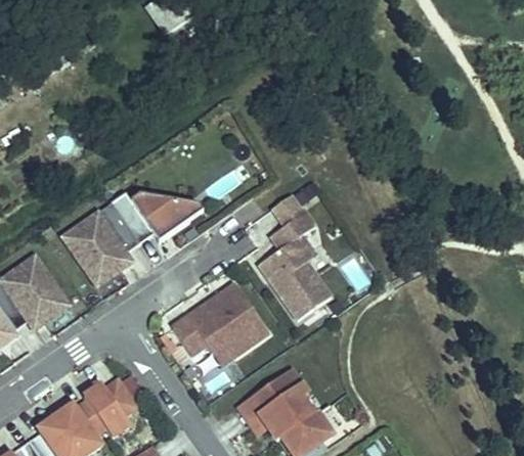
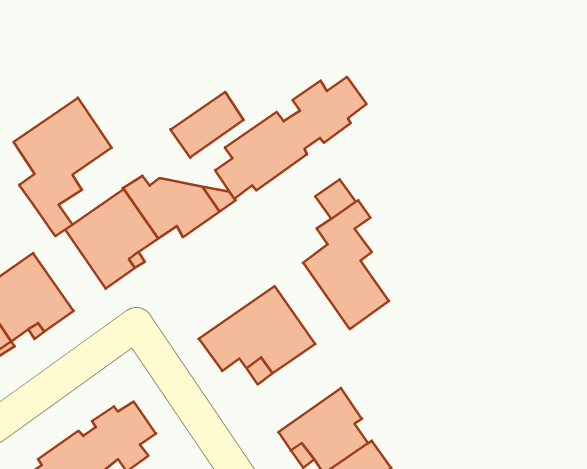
building: none -> [215,77,366,199]
building: none -> [170,92,244,158]
building: none -> [14,98,112,236]

